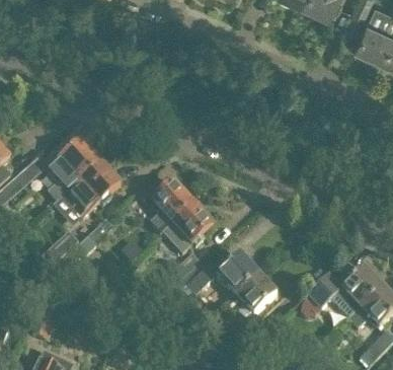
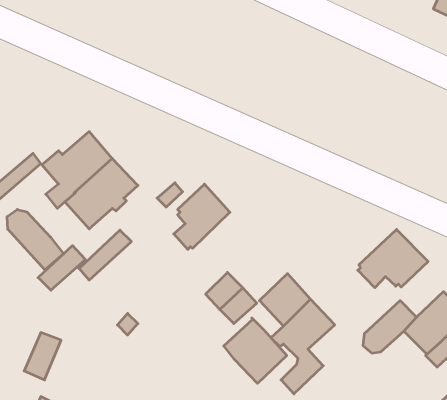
building: none -> [7,209,64,270]
building: [165,205,214,253] -> none
building: none -> [358,229,428,288]
building: none -> [224,318,287,383]

